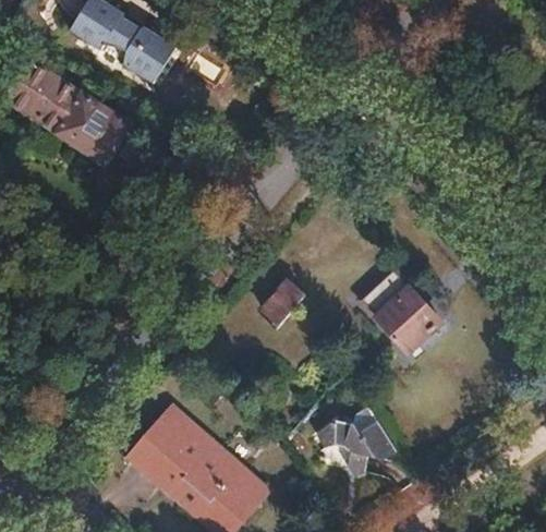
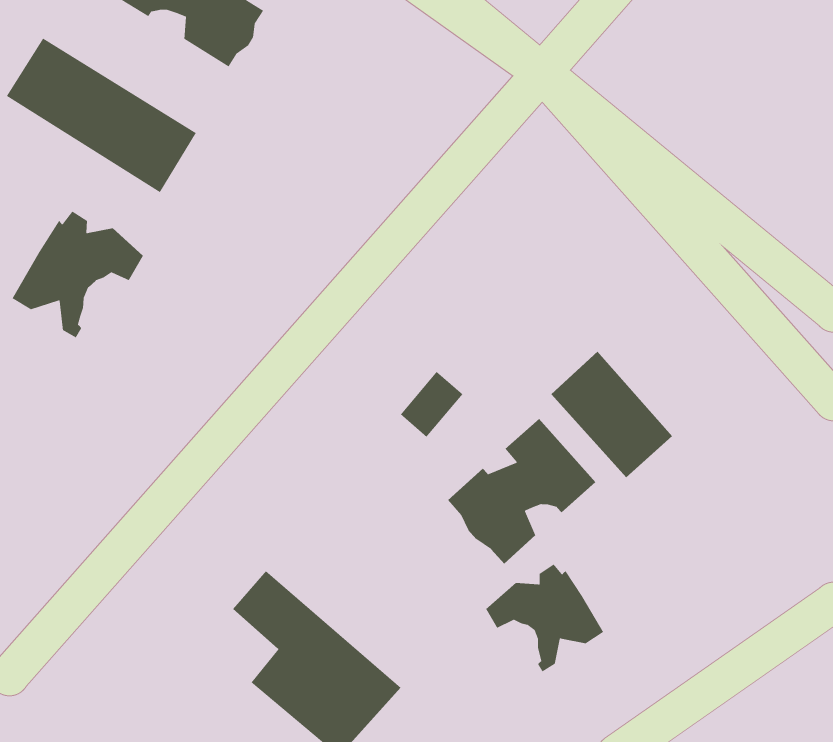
building: none -> [12,210,144,339]
building: none -> [447,418,596,564]
building: [135,435,183,483] -> none

